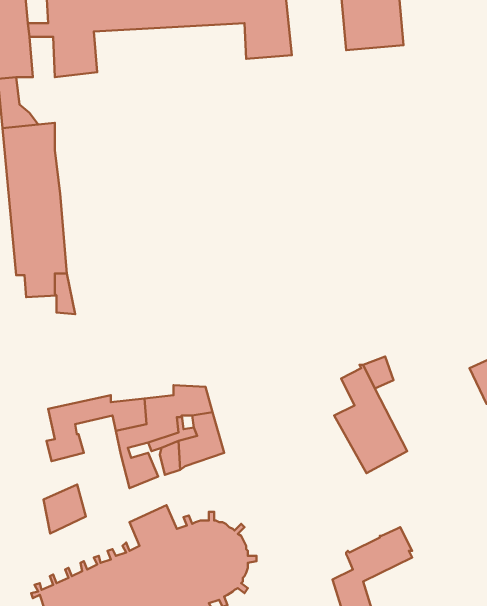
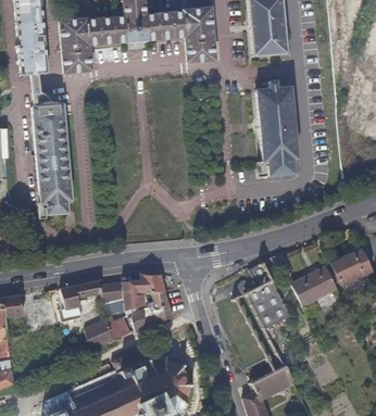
building: none -> [255,80,299,179]
building: none -> [291,265,337,305]
building: [43,484,86,533] -> [85,318,112,350]

